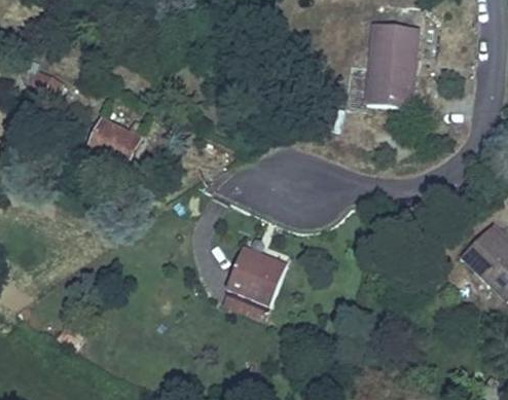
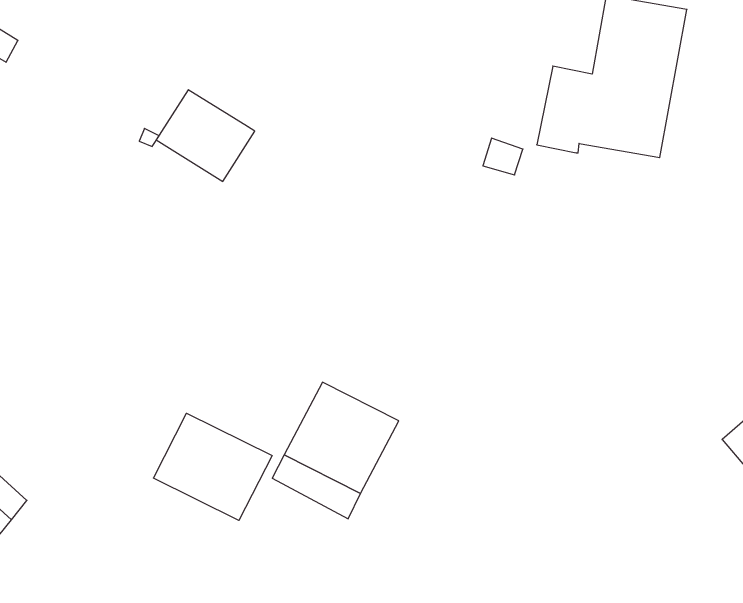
building: [88,117,141,165] -> [156,90,255,181]
building: none -> [153,413,272,520]

